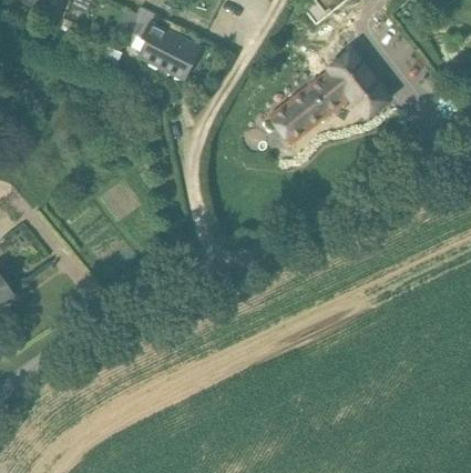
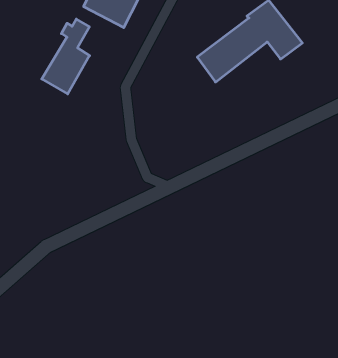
building: none -> [42,19,90,94]

